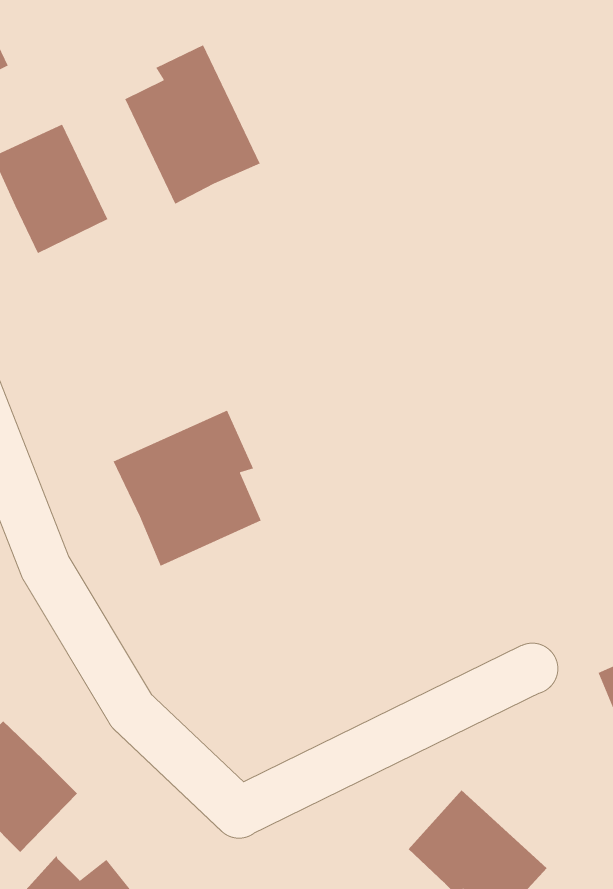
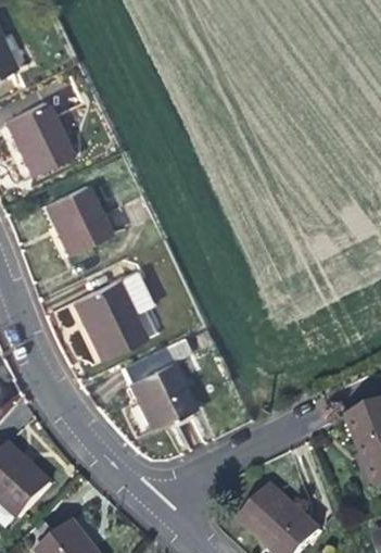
building: [124,44,261,205] -> none
building: none -> [45,189,107,256]
building: none -> [120,336,193,428]

